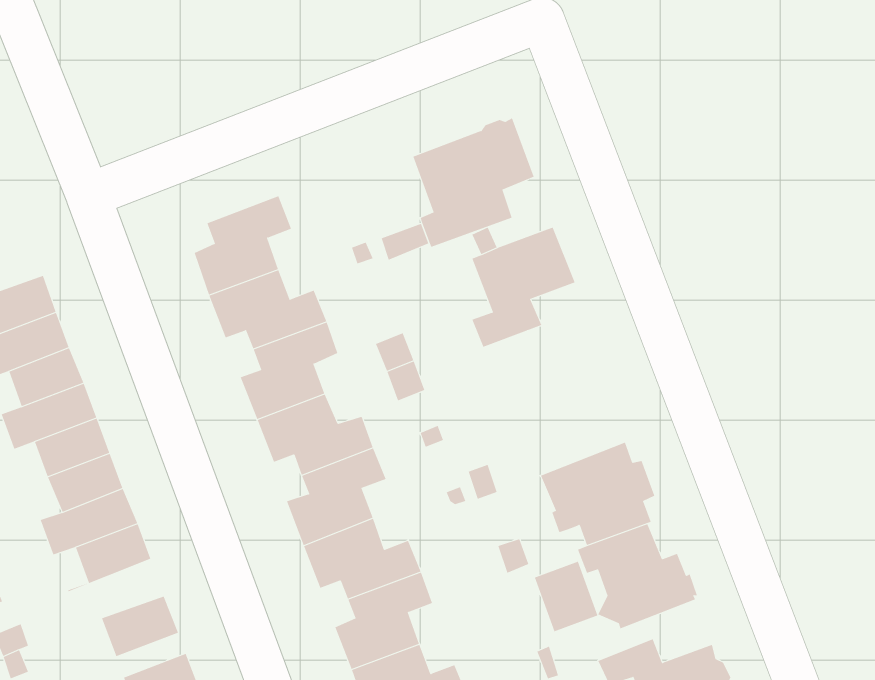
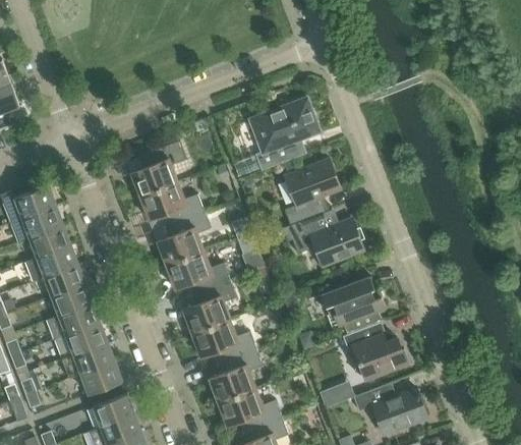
building: none -> [282,216,363,266]
building: none -> [61,341,114,378]
building: [534,561,598,632] -> none

